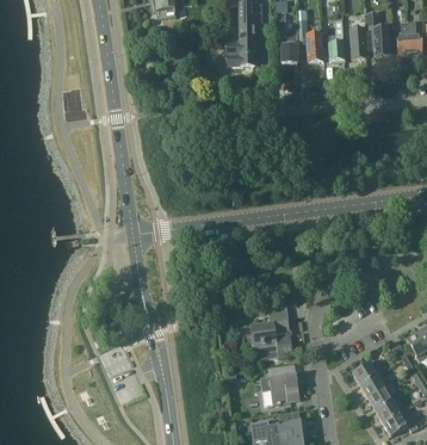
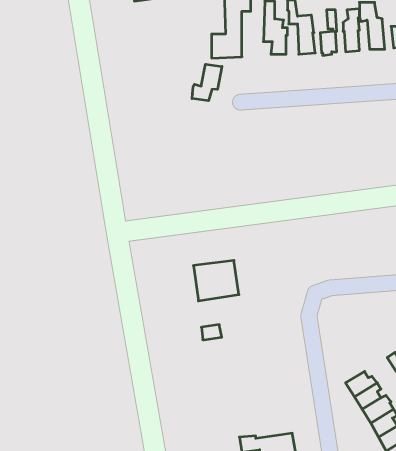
building: none -> [192,64,222,101]
building: [249,320,292,358] -> [193,260,239,301]
building: [260,371,299,403] -> none

